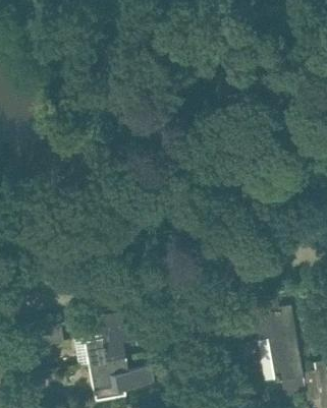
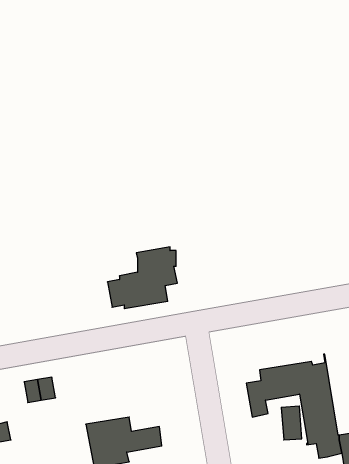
building: [75,312,134,364] -> [107,247,177,309]

